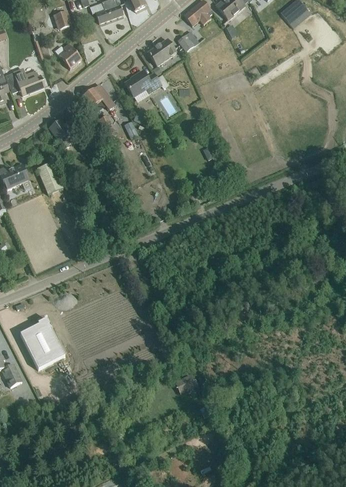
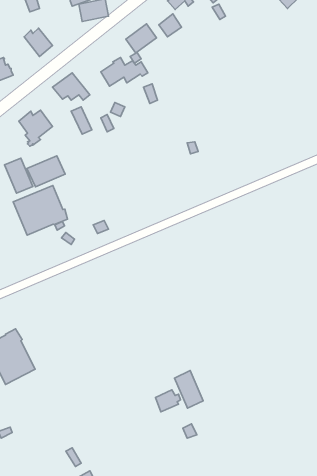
building: none -> [27,156,65,187]
building: none -> [13,186,68,235]
building: none -> [174,371,203,408]

